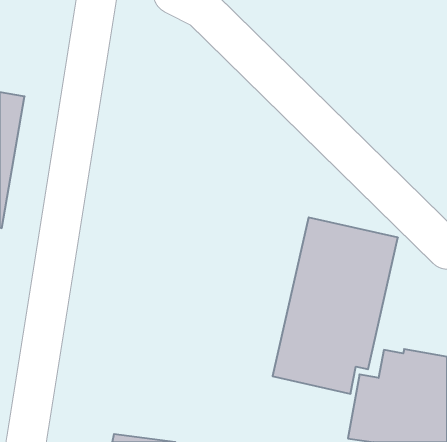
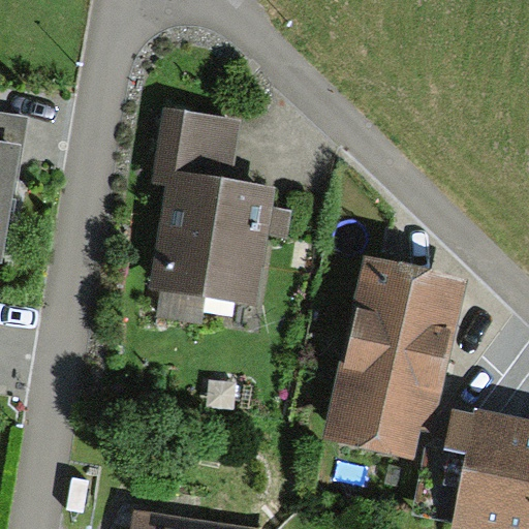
building: none -> [150,106,275,322]

